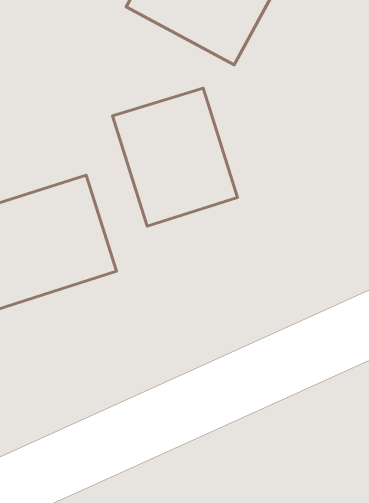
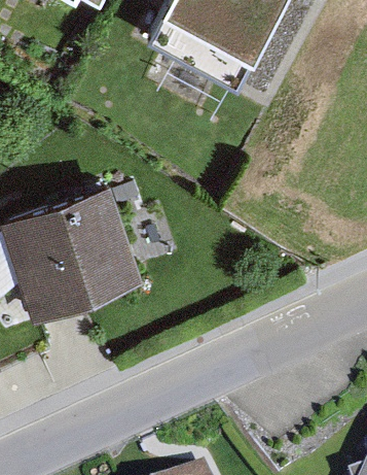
building: [112,88,237,226] -> none

